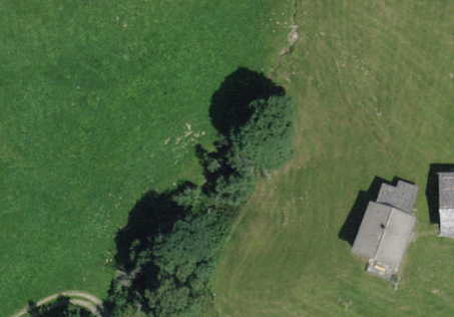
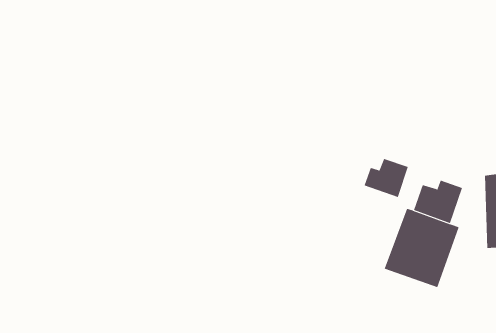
building: none -> [364,158,408,198]

